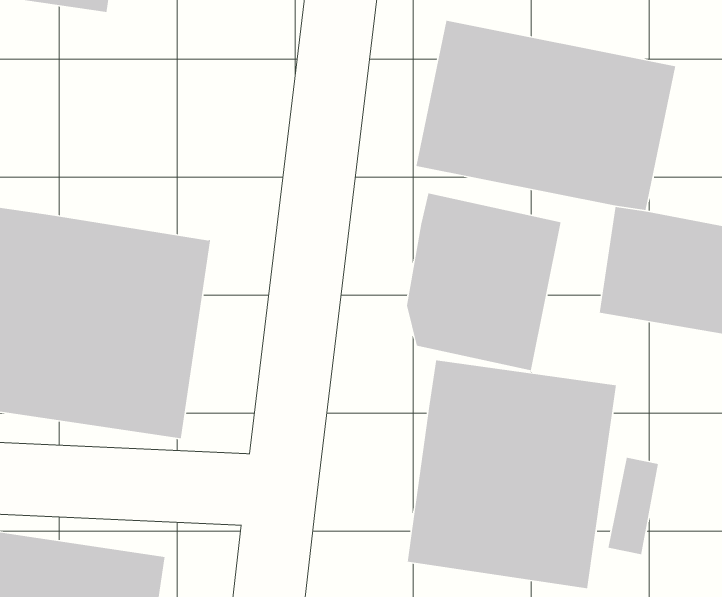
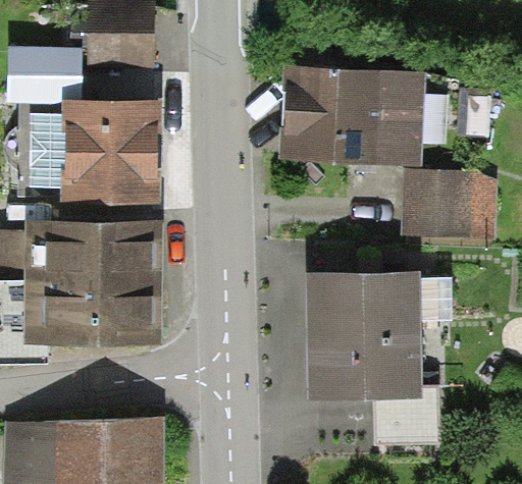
building: none -> [59,101,159,223]
building: [406,192,561,371] -> none

